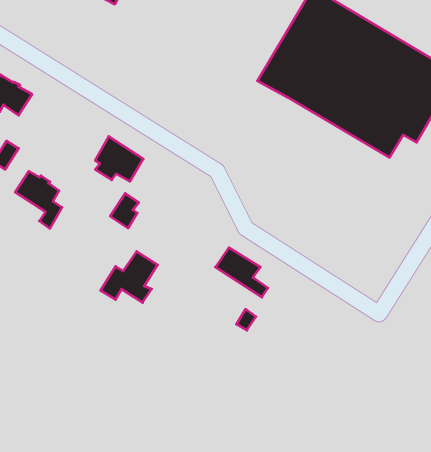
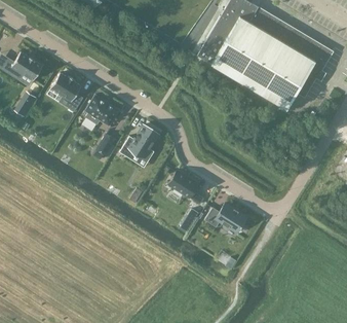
building: [15,171,62,228] -> [51,72,83,111]
building: [101,251,158,303] -> [120,124,159,159]
building: none -> [205,203,247,229]

